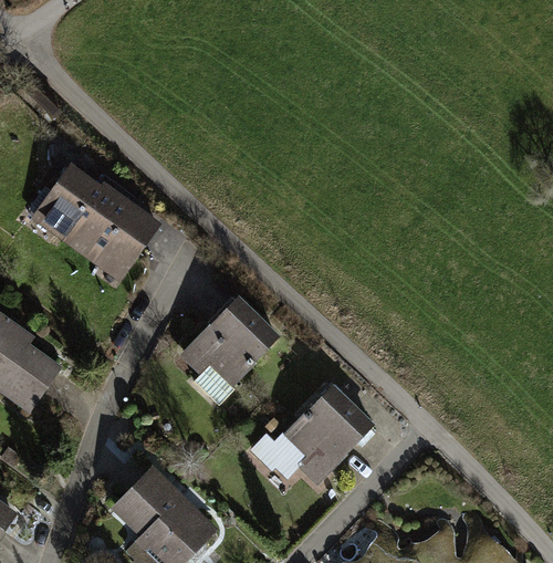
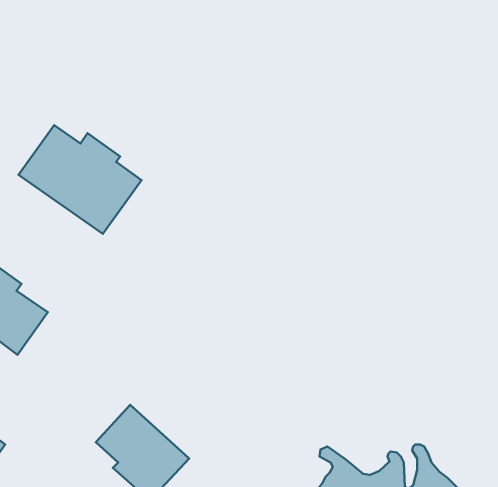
building: [181,295,280,395] -> none
building: [237,385,373,504] -> none

